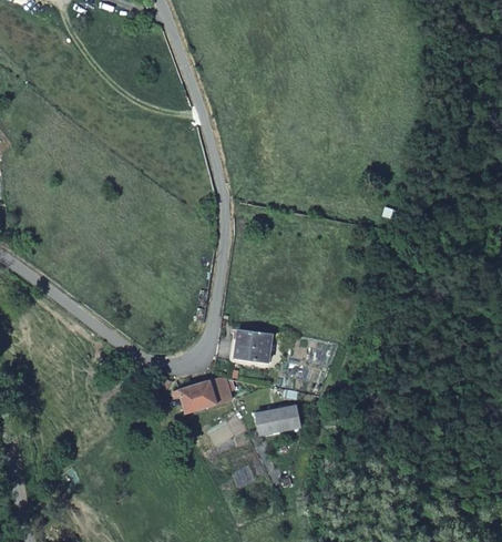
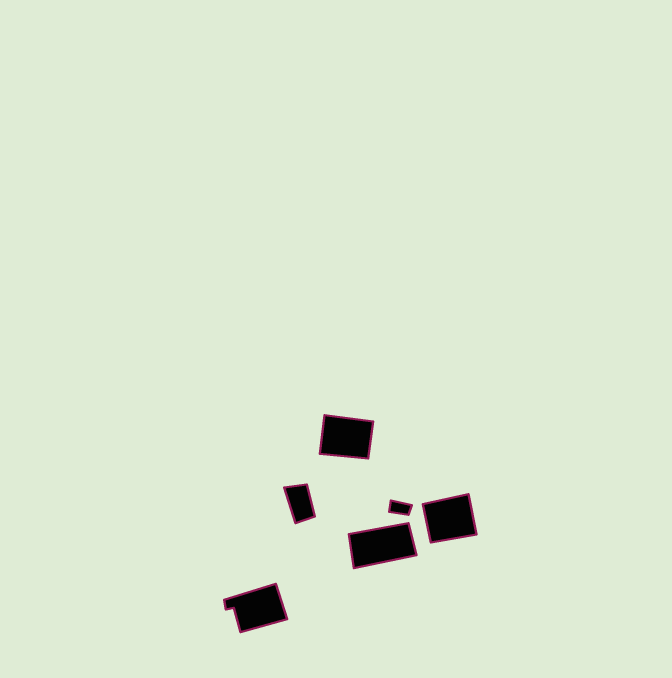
building: [174,380,217,413] -> [224,584,287,632]
building: none -> [423,494,477,542]

